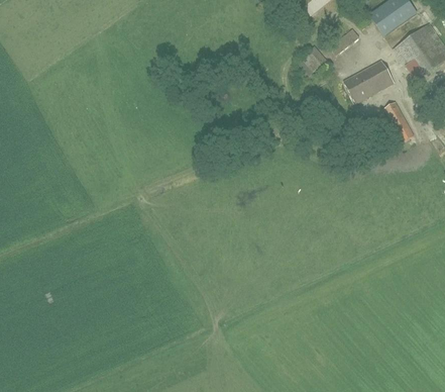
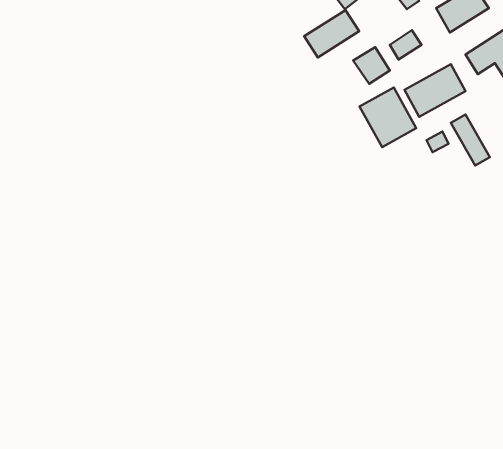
building: none -> [304,10,359,57]
building: none -> [360,88,416,147]

